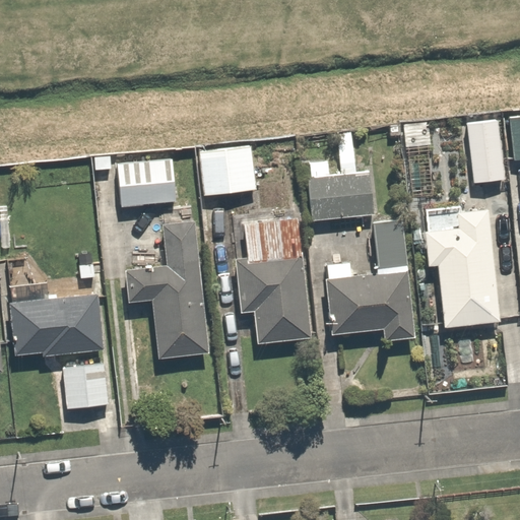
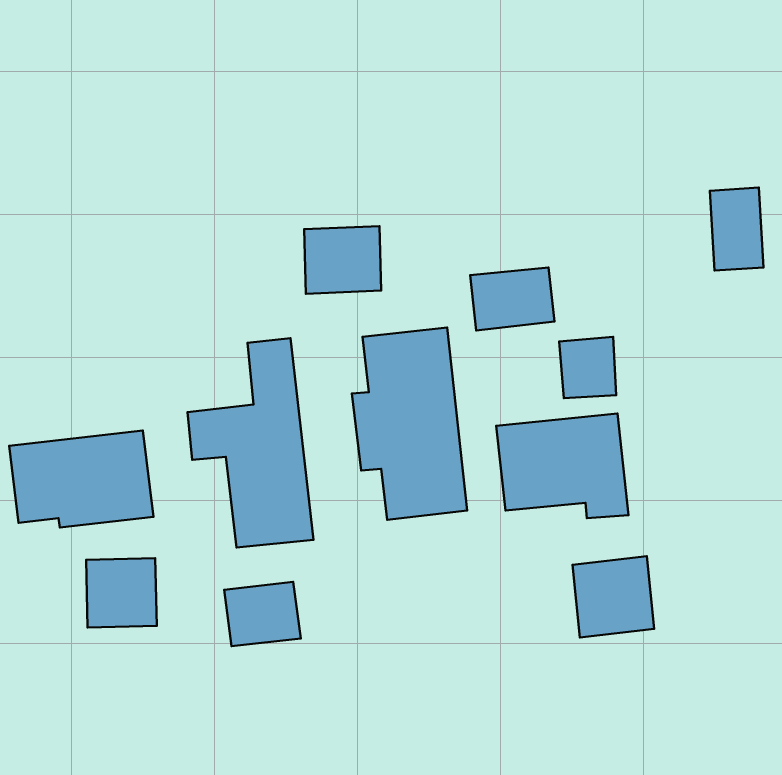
building: [114,160,177,203] -> none
building: [429,209,505,327] -> none
building: none -> [572,556,654,637]
building: none -> [224,582,301,646]

